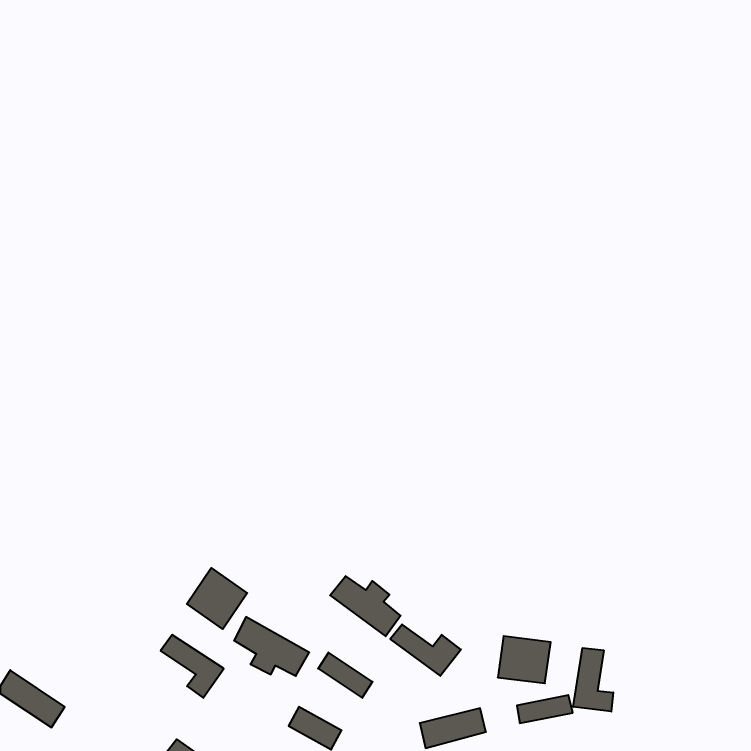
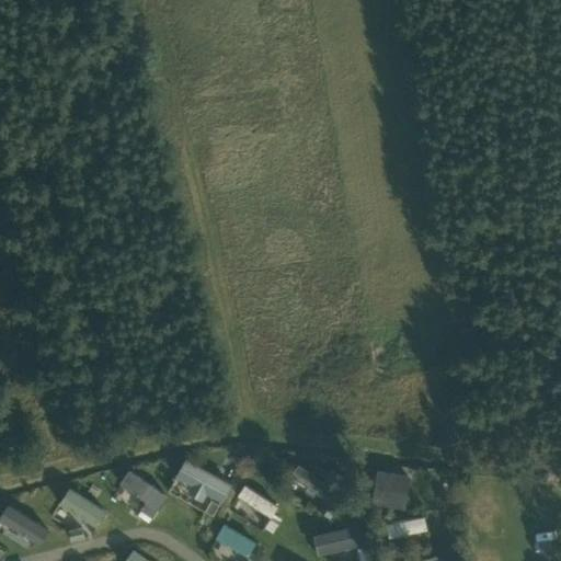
building: [187,568,247,629] -> none
building: [330,576,401,636] -> none
building: [573,648,613,712] -> none
building: none -> [57,489,106,530]

